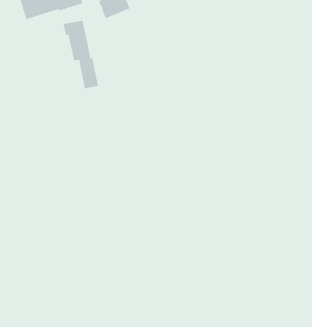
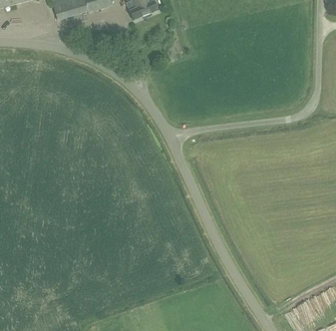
building: [63,20,98,89] -> none

